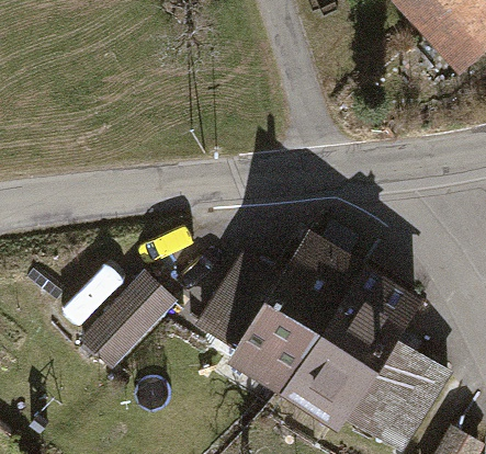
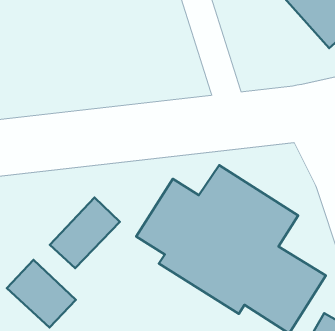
building: none -> [7,260,76,327]

